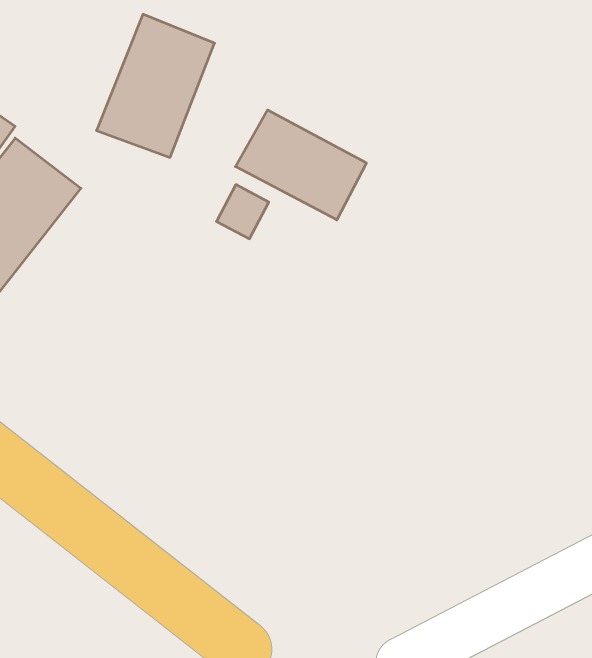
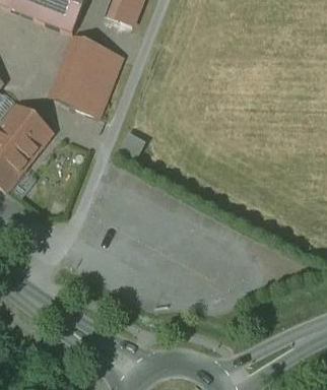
building: [235,110,366,220] -> none

